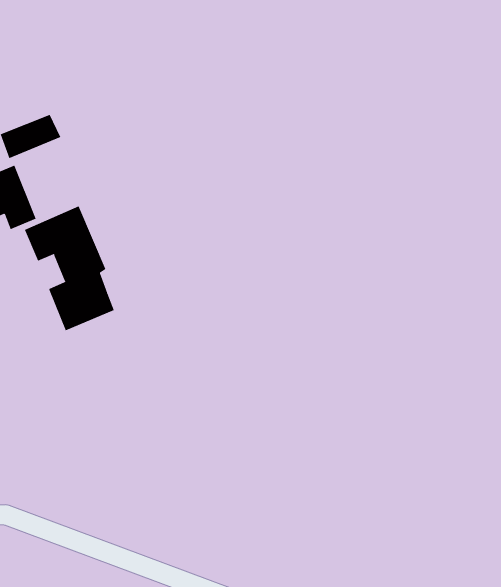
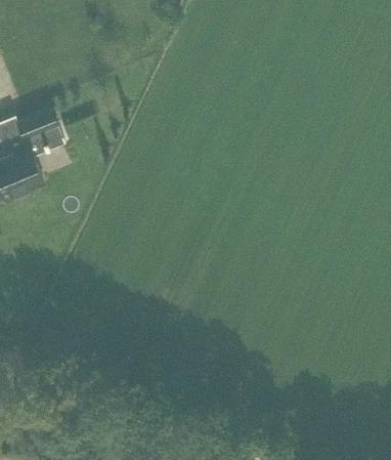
building: [24,205,115,331] -> none

